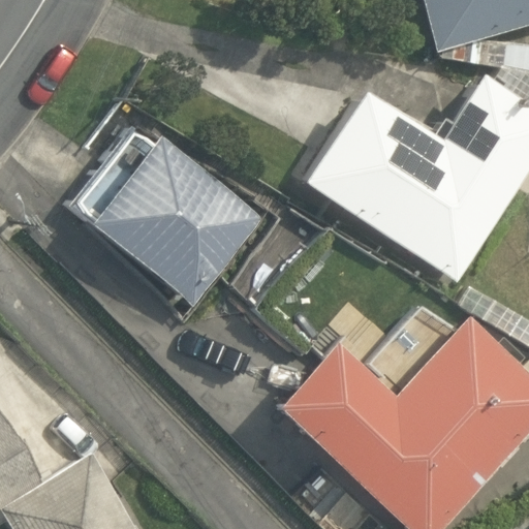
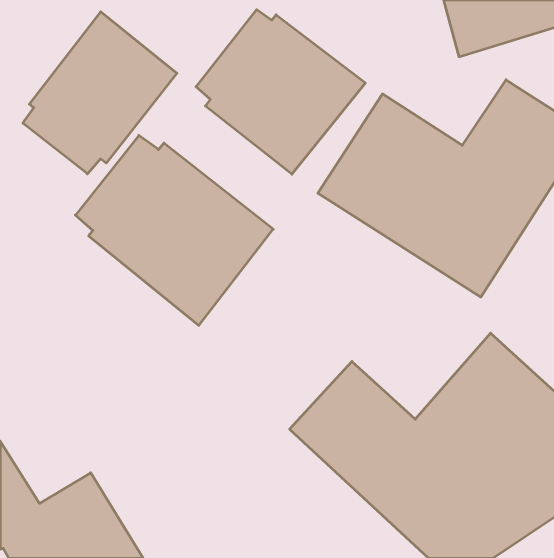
building: none -> [196,10,365,174]
building: none -> [23,12,177,174]

